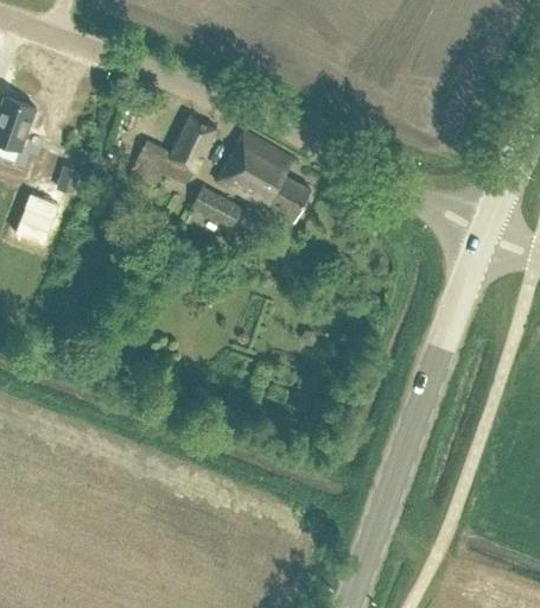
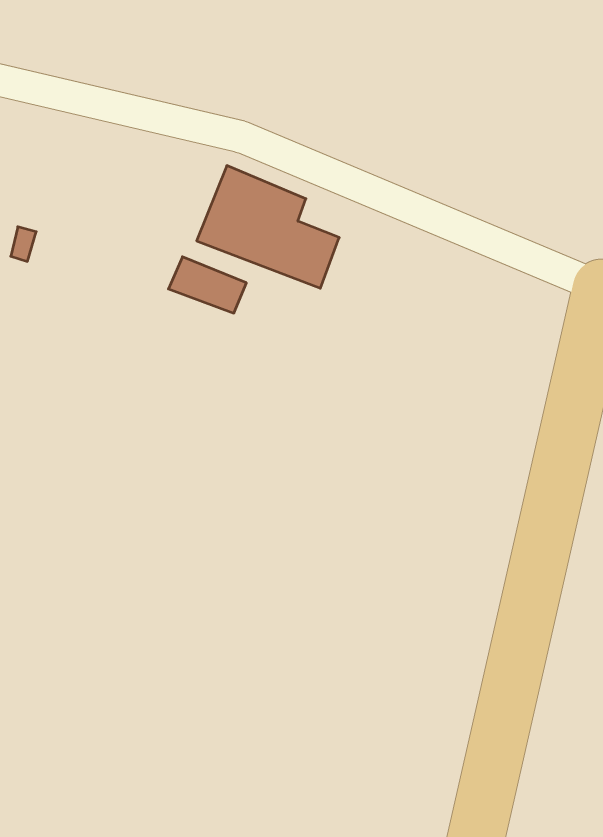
building: [135,115,222,188] -> none

